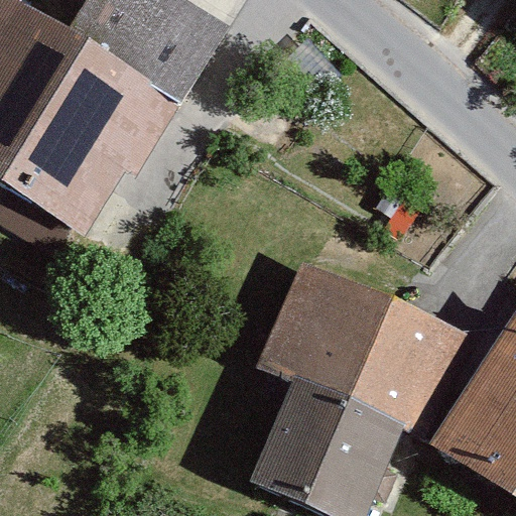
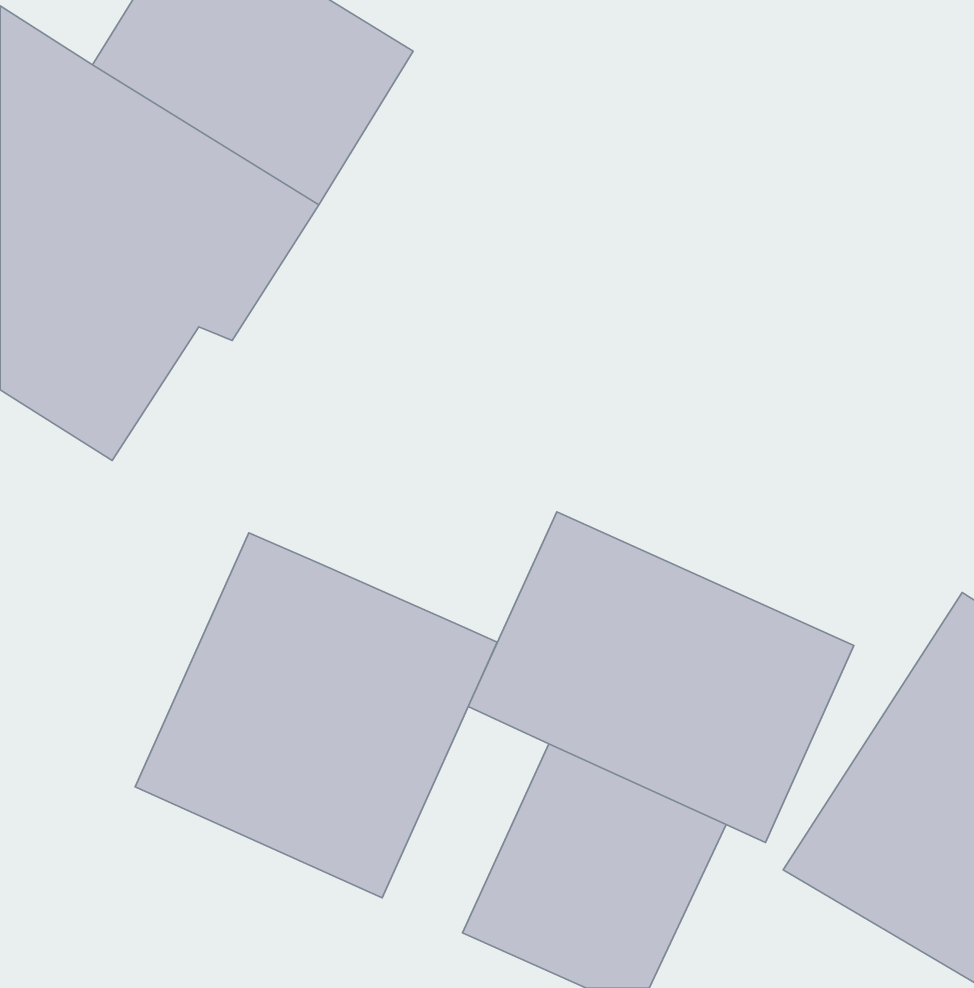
building: none -> [135,533,497,898]

